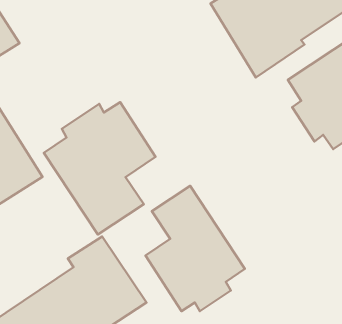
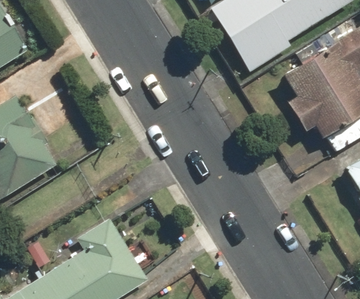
building: [44,102,155,235] -> none
building: [145,186,245,311] -> none

